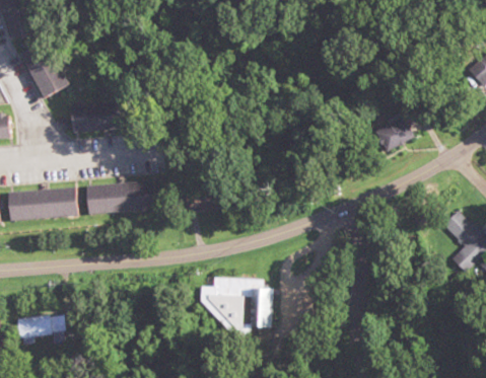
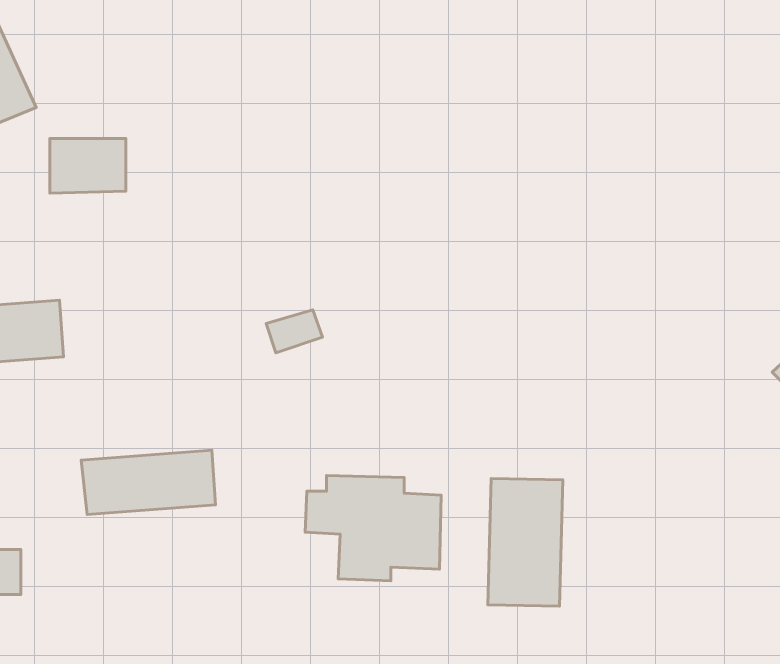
building: [376,118,413,152] -> none
building: [83,180,153,214] -> [81,450,216,515]
building: none -> [488,478,563,606]

